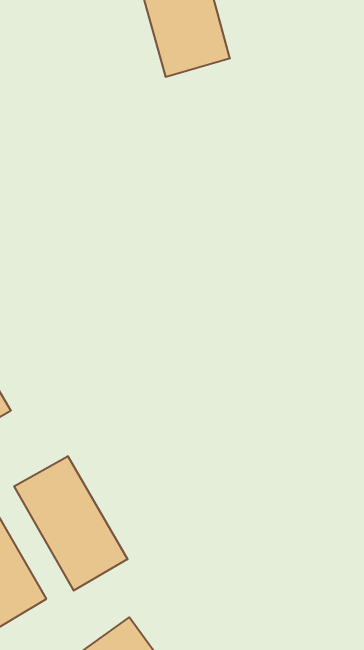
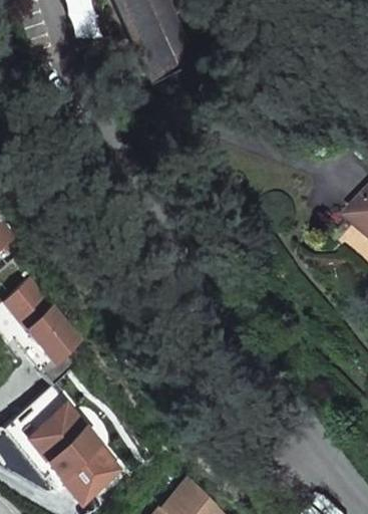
building: [14,456,128,591] -> none

